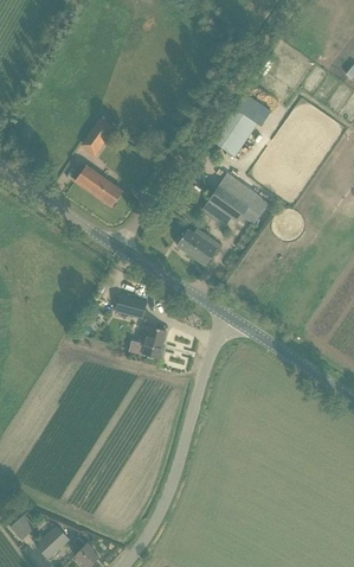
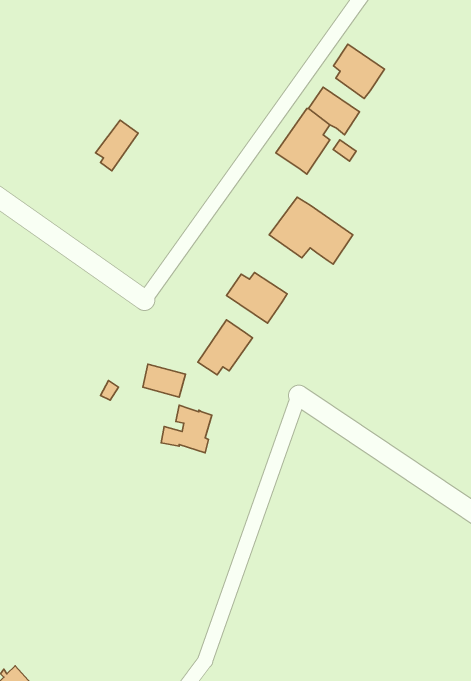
building: none -> [333,44,385,98]
building: [73,164,121,205] -> none
building: none -> [198,320,252,375]

